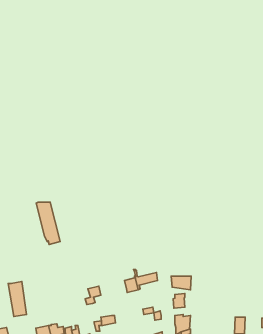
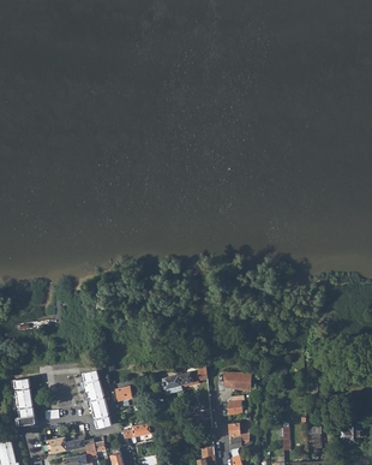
building: [36,202,60,244] -> [80,374,112,429]

